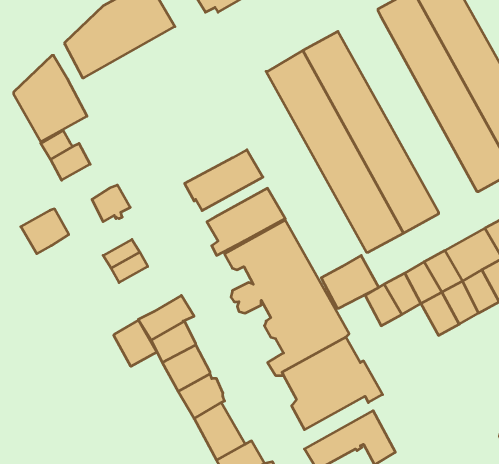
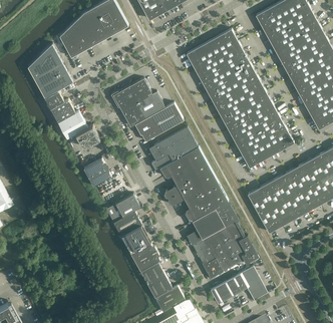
building: none -> [110,77,164,126]
building: [21,209,69,254] -> [57,110,87,138]
building: [321,255,379,308] -> [258,199,294,232]
building: [114,320,157,366] -> none

